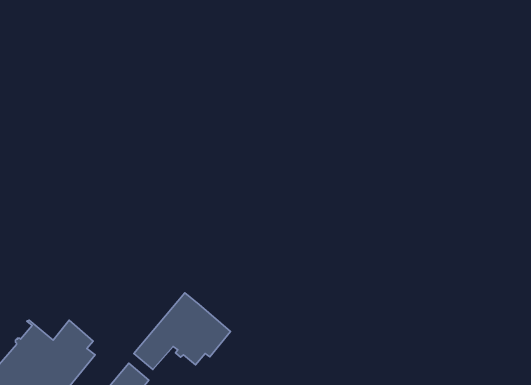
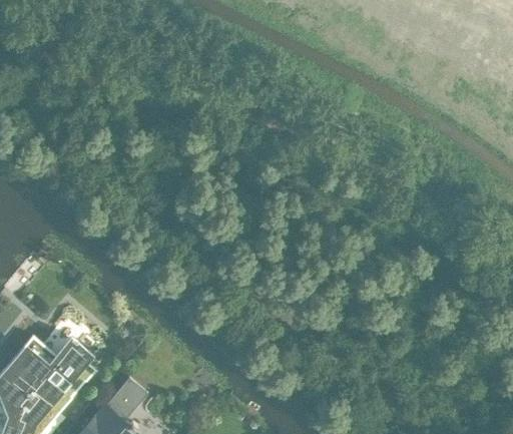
building: [134,293,230,370] -> none

